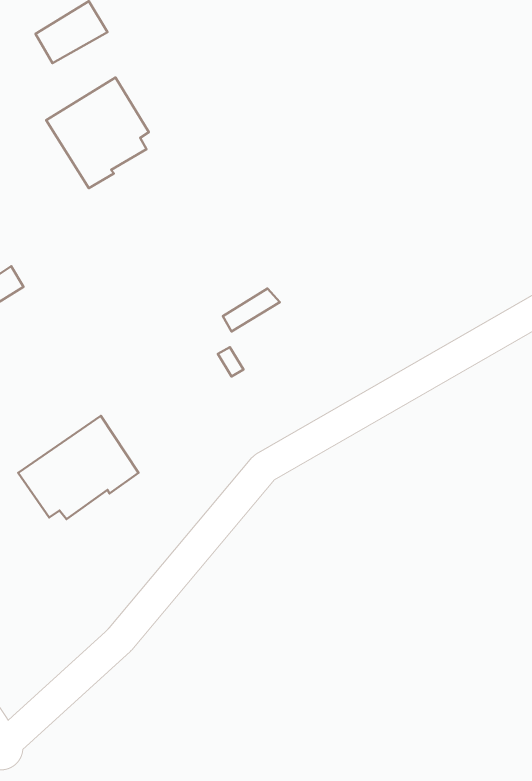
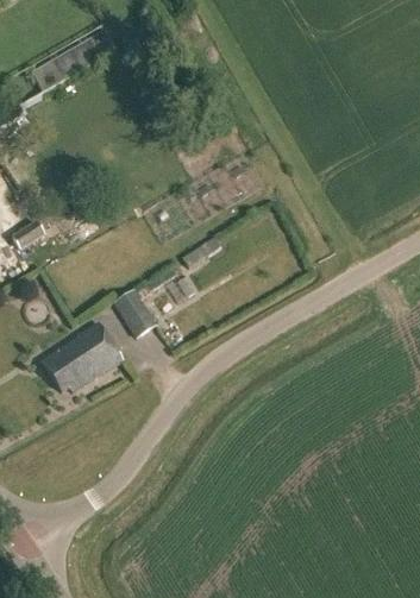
building: [46,78,149,188] -> none
building: none -> [113,269,178,339]

